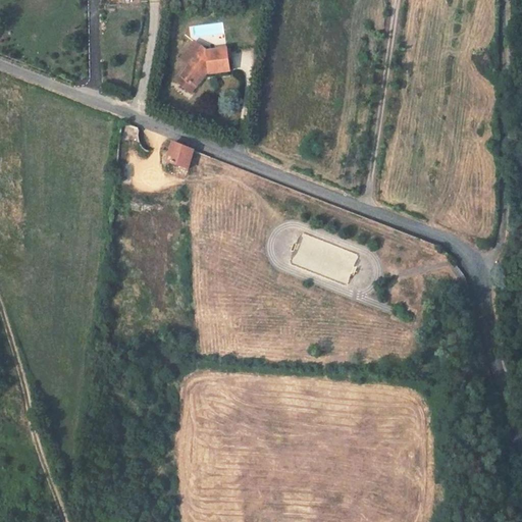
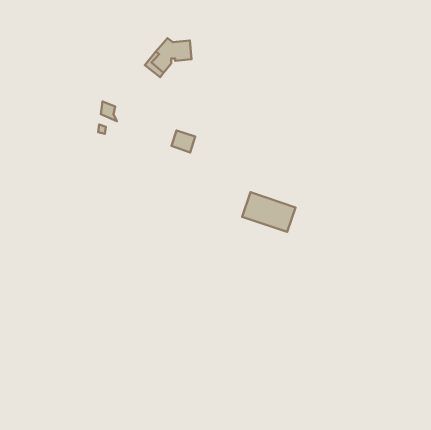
building: [163,140,192,166] -> [172,131,195,153]

